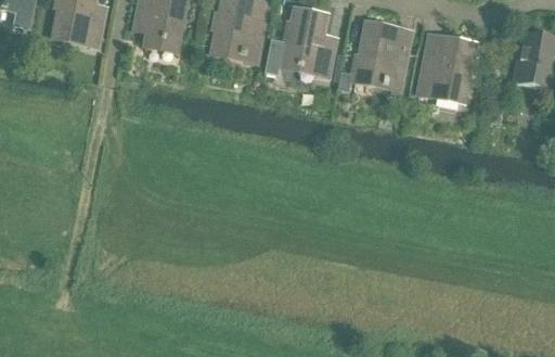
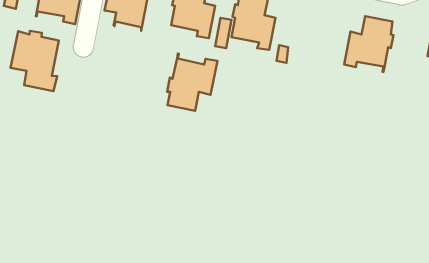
building: [356,22,408,90] -> none
building: none -> [11,31,59,91]
building: none -> [167,53,218,111]

